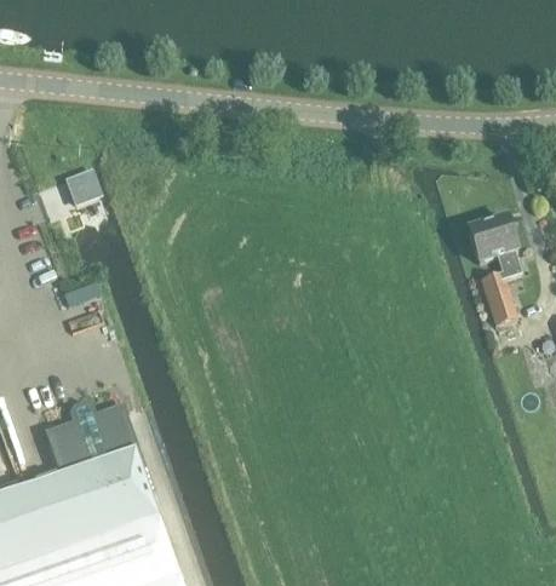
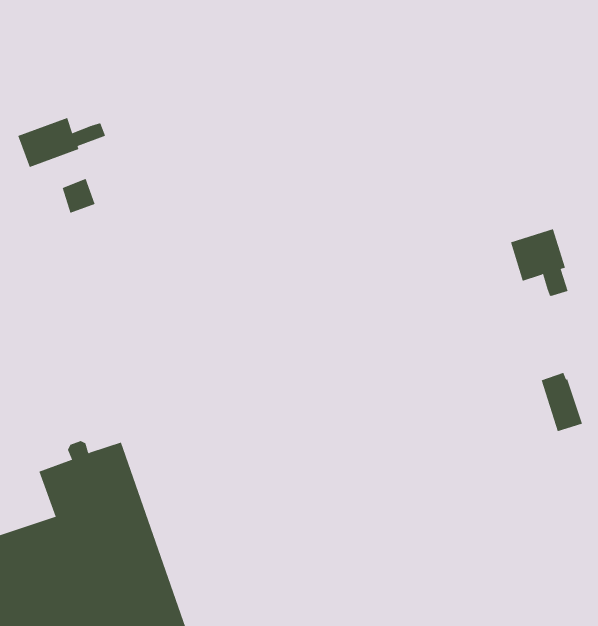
building: none -> [18,117,106,168]
building: [480,271,517,324] -> [541,372,583,432]

